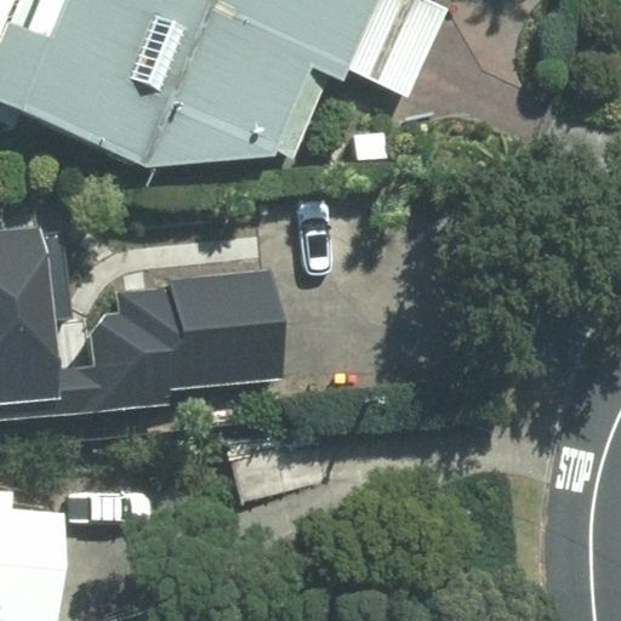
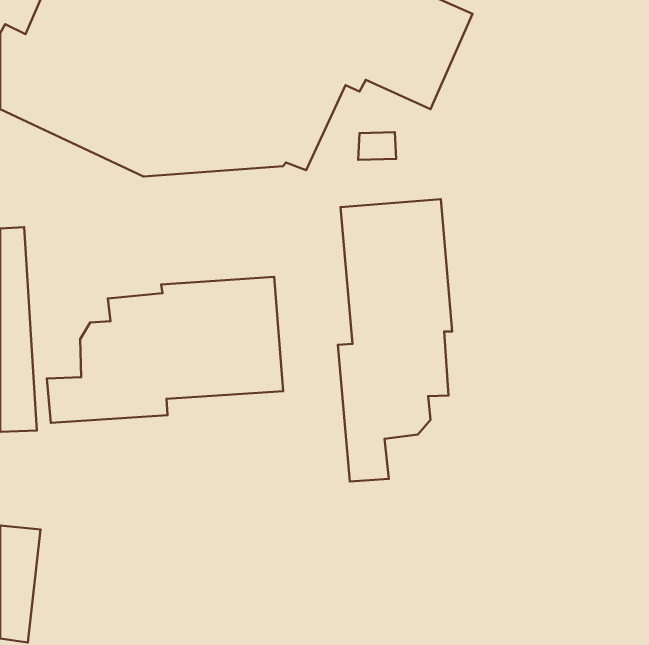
building: none -> [338,199,452,481]

